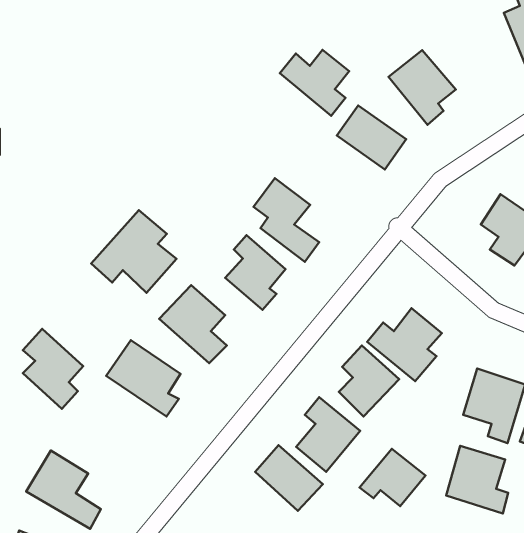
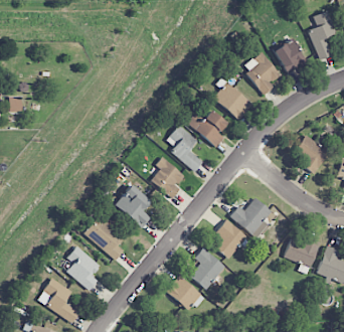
building: none -> [273,39,307,74]
building: [280,50,349,116] -> [187,111,226,148]
building: [91,210,176,293] -> none
building: [23,329,83,409] -> [66,245,101,291]
building: [446,446,508,513] -> none
building: [359,449,425,506] -> none

